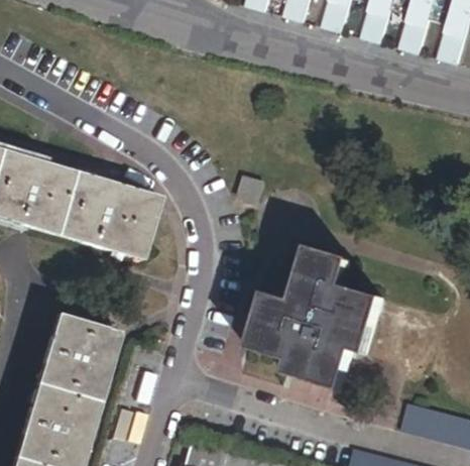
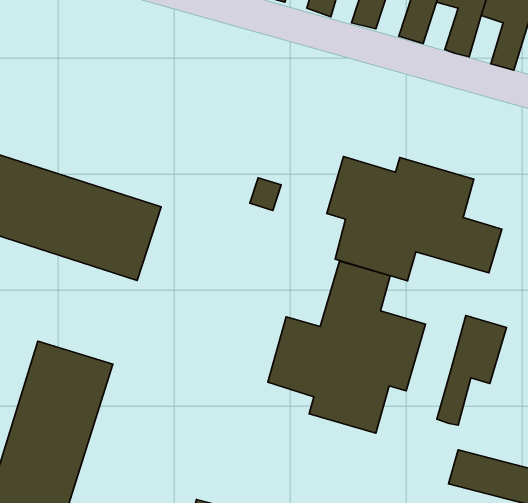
building: none -> [327,157,502,281]
building: none -> [437,315,506,425]

